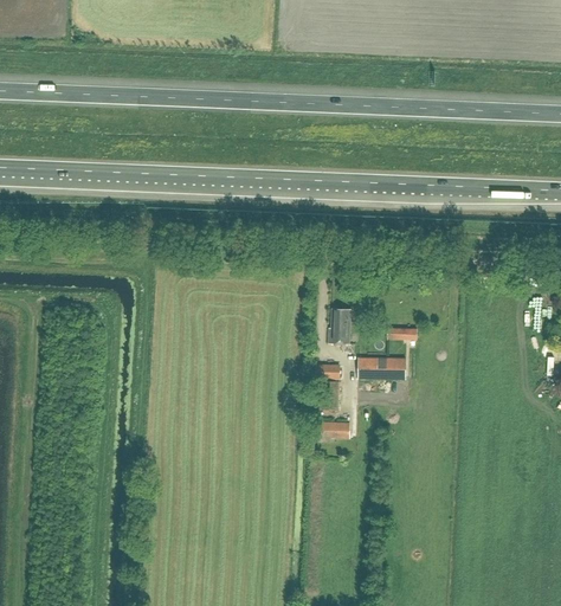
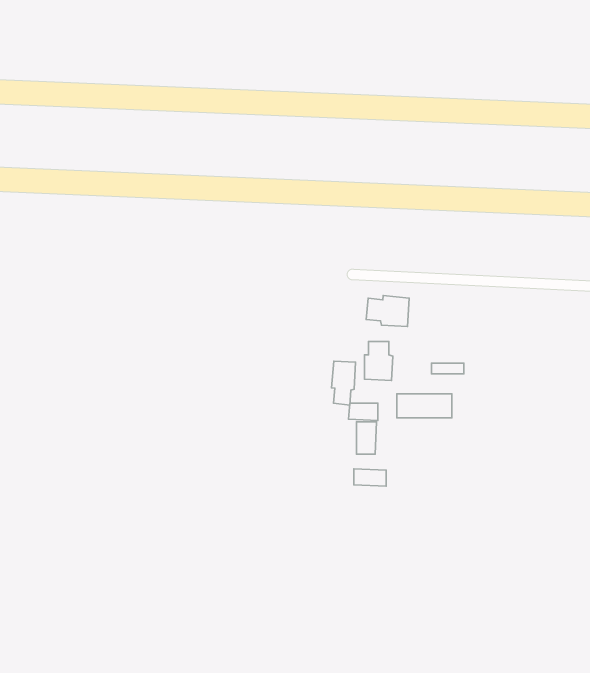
building: none -> [366,295,409,326]
building: none -> [332,361,356,405]

